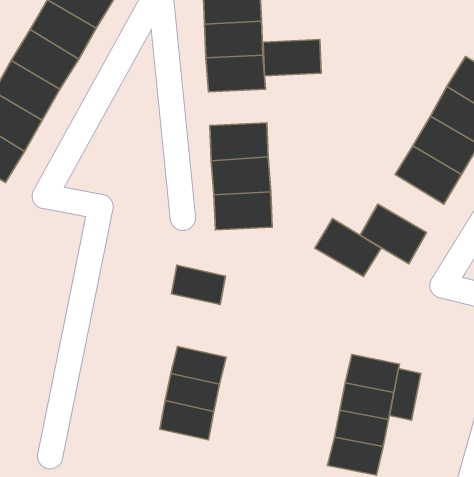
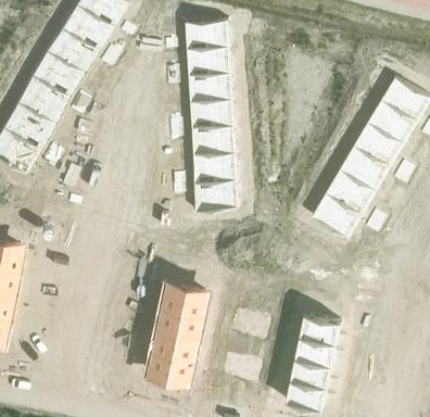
building: [263,39,321,76] -> [189,100,236,129]
building: [315,218,381,277] -> [325,168,378,215]
building: [171,265,226,305] -> [164,283,207,315]
building: [389,369,421,420] -> none

